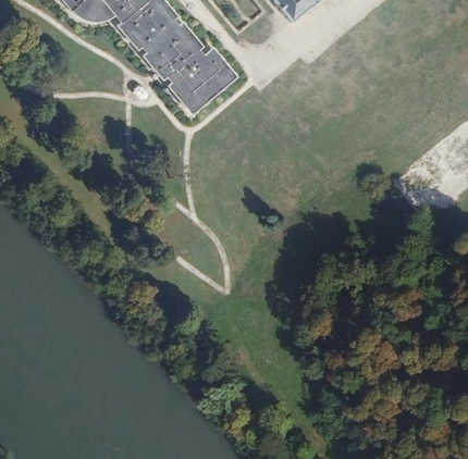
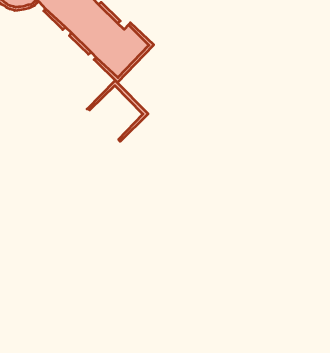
building: none -> [87,80,148,141]

